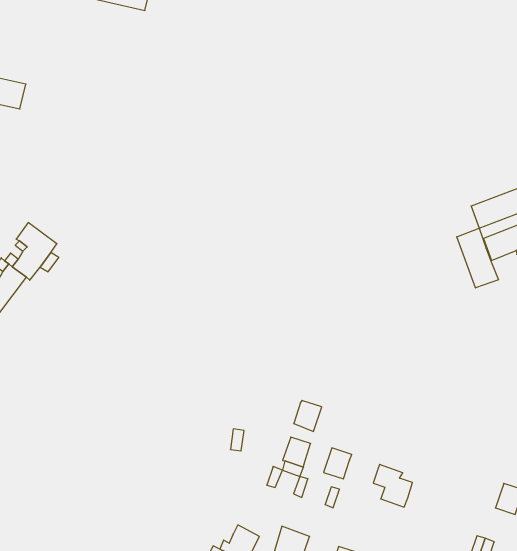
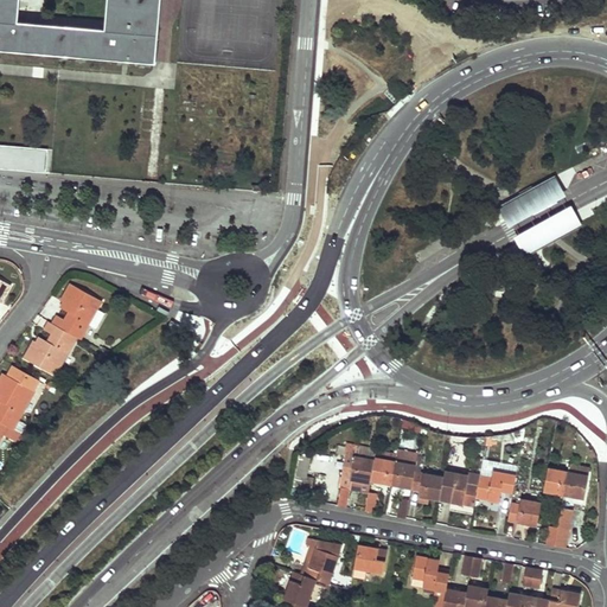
building: [457,228,499,288] -> none
building: [294,400,322,431] -> [370,456,395,485]
building: none -> [410,469,442,500]
building: none -> [475,469,515,503]
building: none -> [542,467,567,496]
building: none -> [506,497,541,526]

